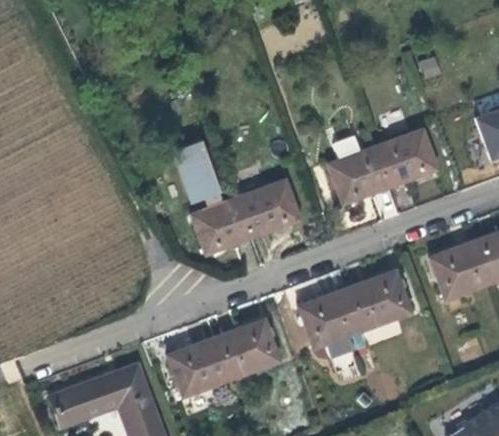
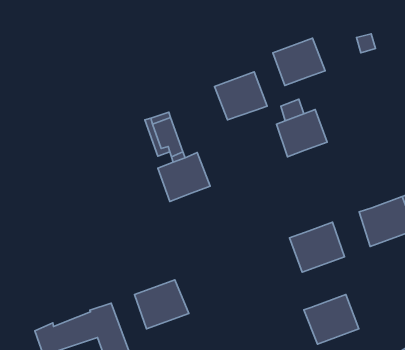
building: [375,126,436,181] -> [273,38,325,85]
building: [238,176,299,232] -> [215,72,267,120]
building: [296,292,360,350] -> [304,294,359,344]
building: [212,323,277,380] -> none

